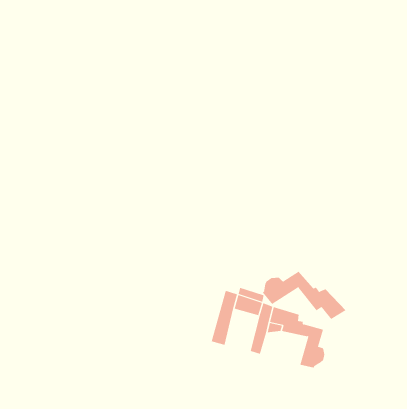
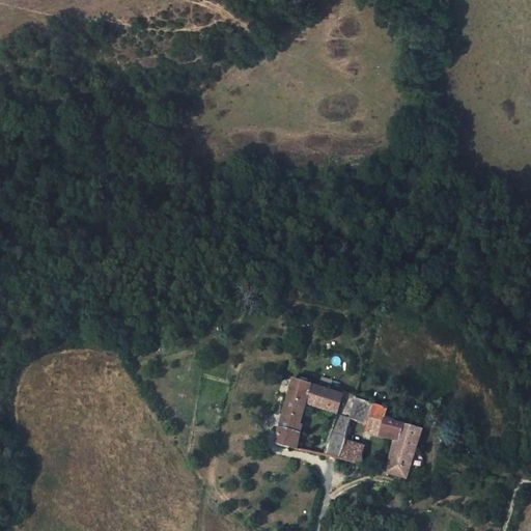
building: [262,271,346,320] -> none
building: none -> [337,439,363,466]

